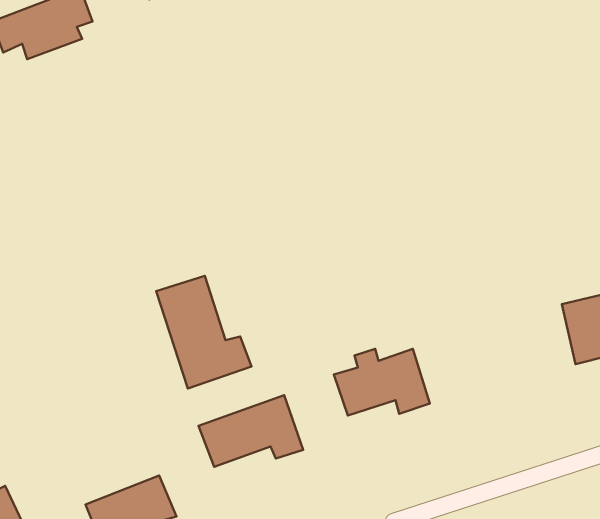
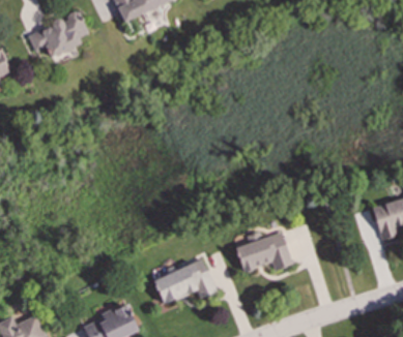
building: [156,276,252,388] -> none

